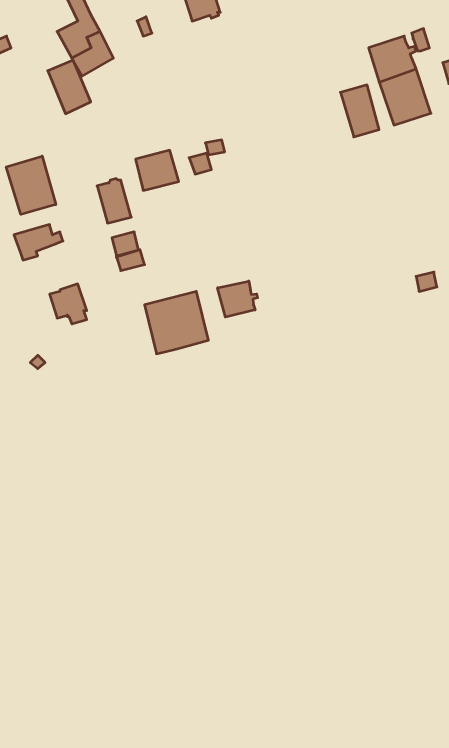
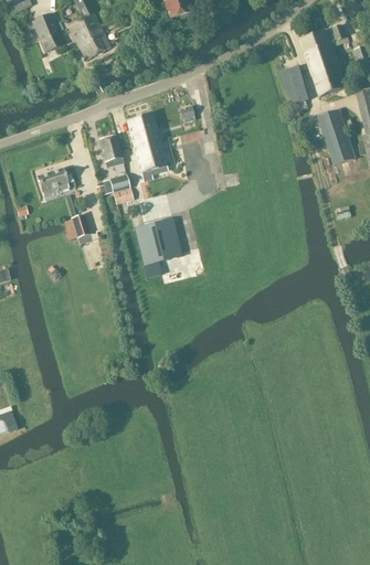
building: [48,60,91,114] -> [31,12,63,52]
building: none -> [317,108,355,164]
building: [6,156,56,214] -> none
building: none -> [131,137,166,174]
building: [218,281,258,317] -> none

